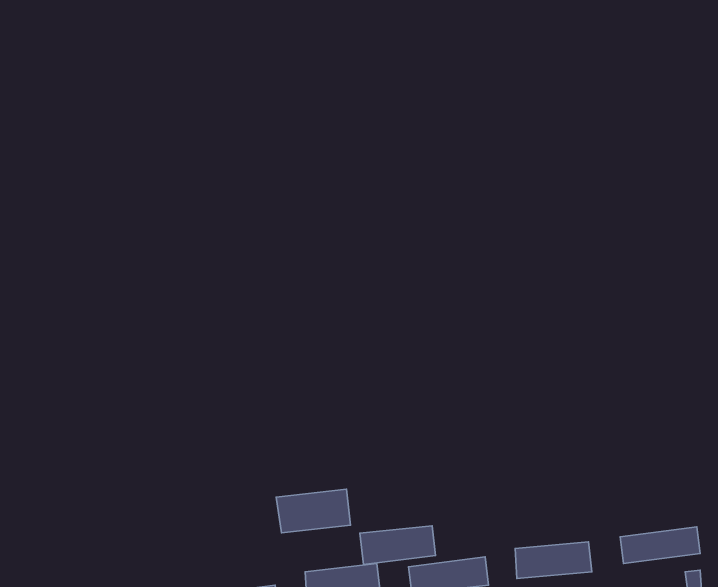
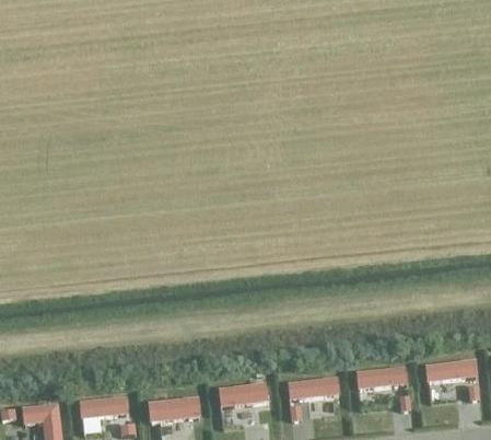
building: [276,489,350,533] -> none
building: [360,526,435,564] -> none

